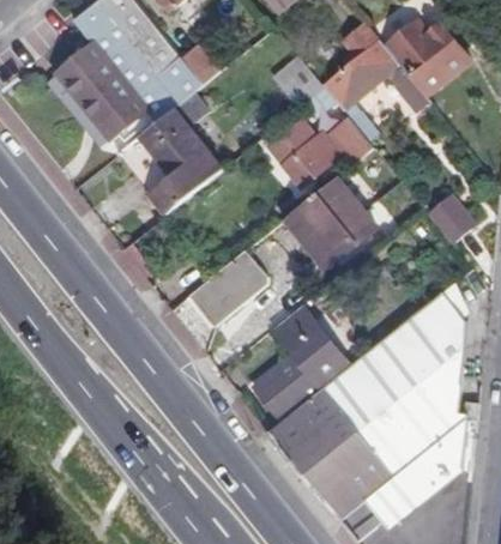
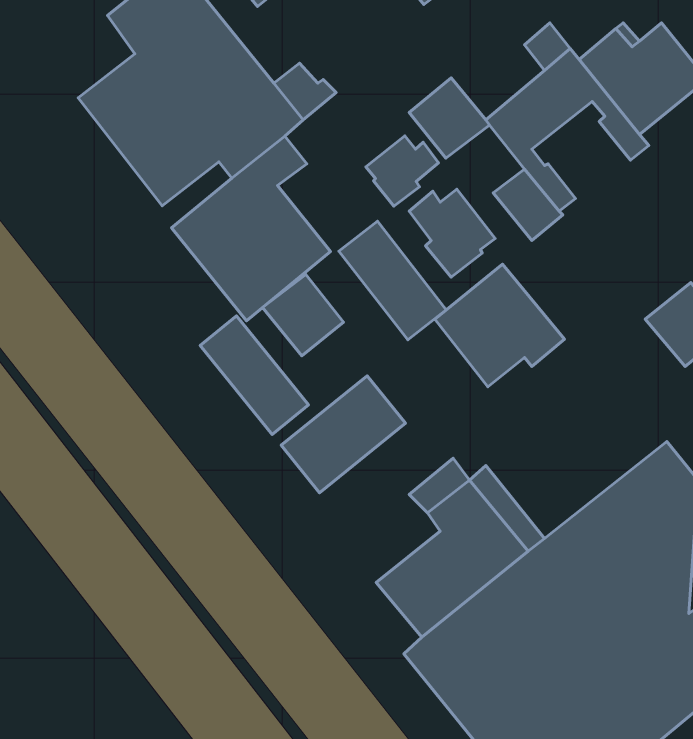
building: none -> [366,136,438,206]
building: none -> [339,221,446,340]
building: none -> [263,274,343,356]
building: none -> [200,316,308,434]

